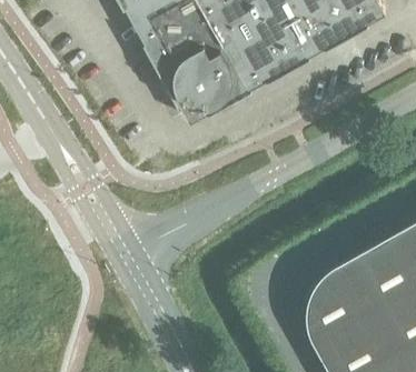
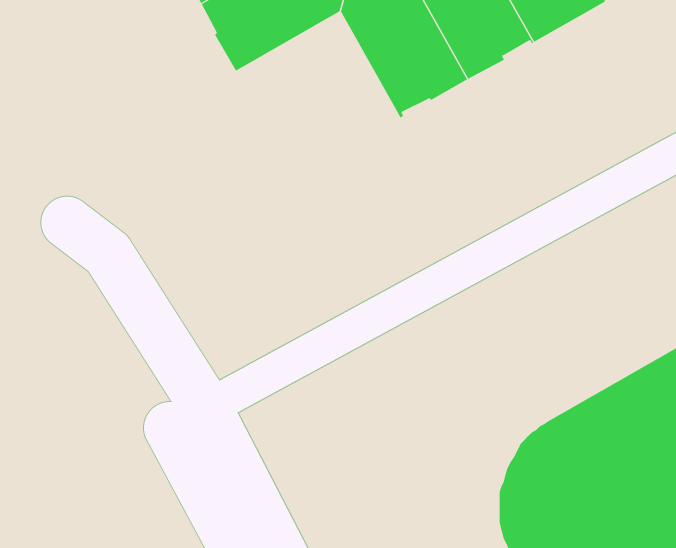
building: [156,31,250,123] -> none

